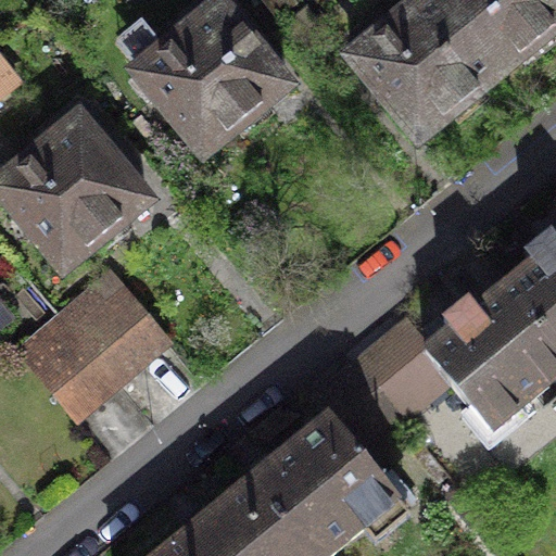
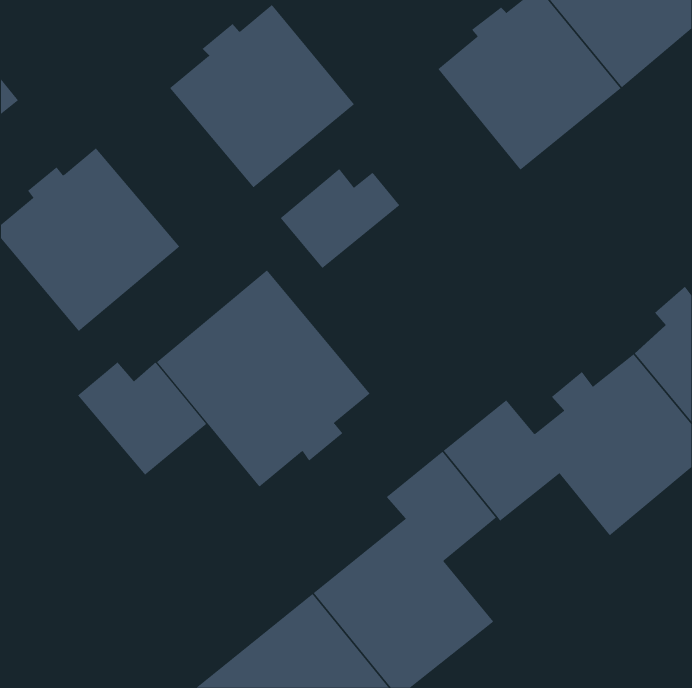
building: none -> [280,168,400,269]
building: none -> [156,270,370,488]
building: [21,317,116,417] -> none

